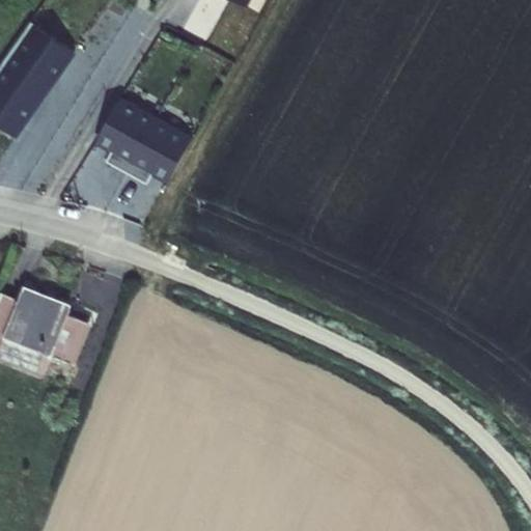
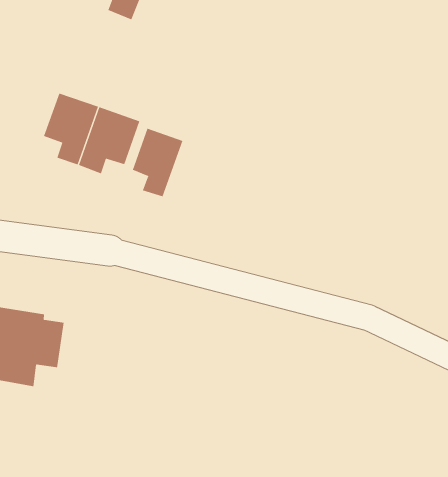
building: none -> [132,128,183,197]

